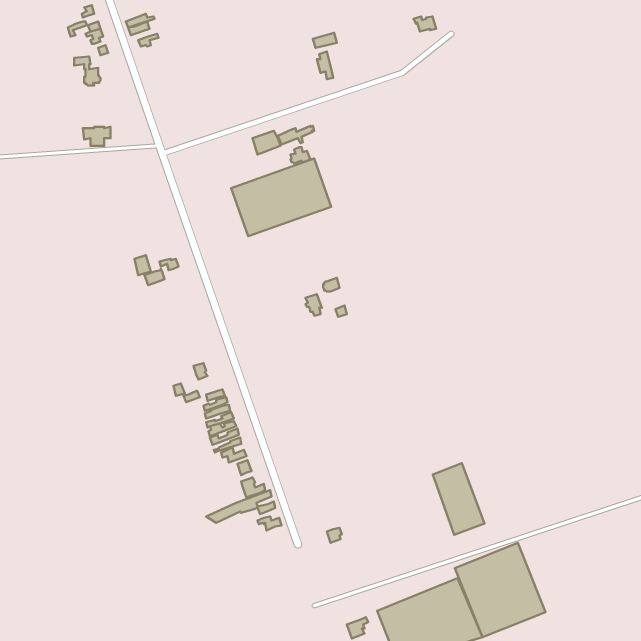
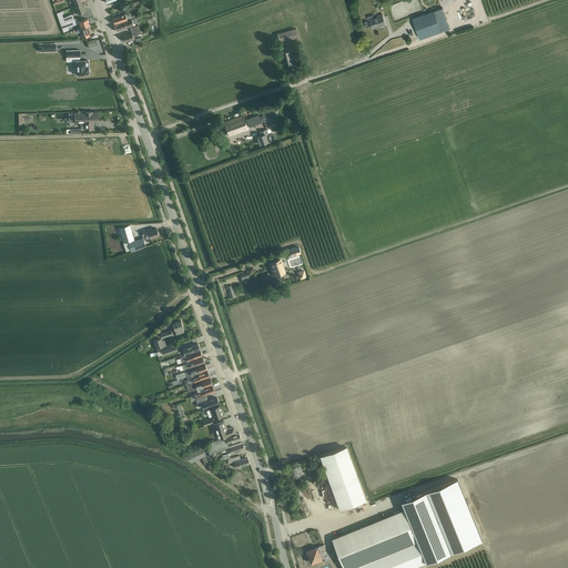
building: none -> [412,12,440,40]
building: [231,159,331,236] -> none
building: [433,463,484,535] -> [320,447,365,510]

